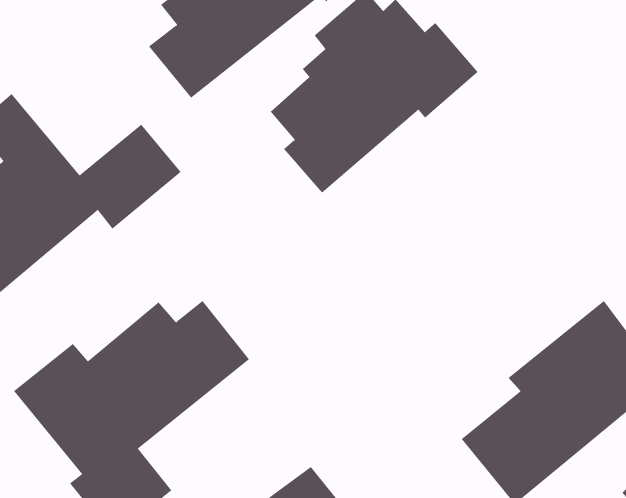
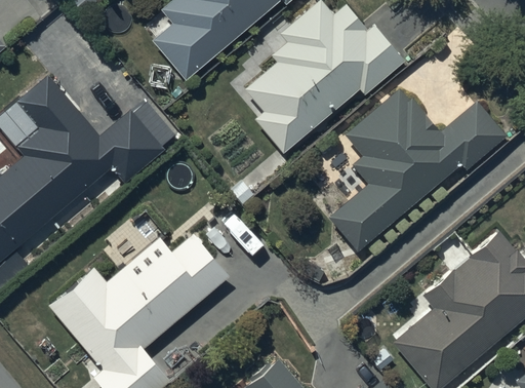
building: none -> [330,89,508,251]

